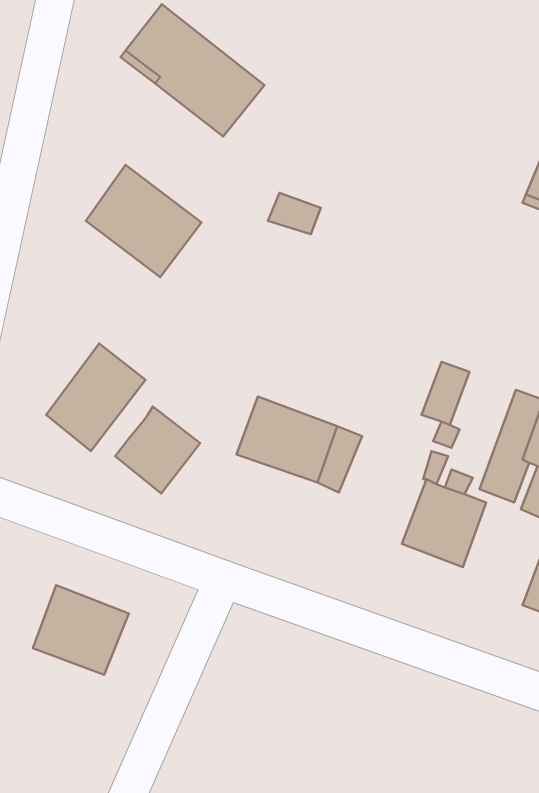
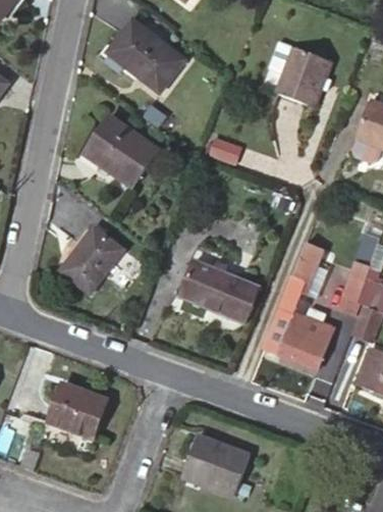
building: none -> [276,46,330,103]
building: [115,407,200,493] -> none
building: none -> [175,433,244,492]

